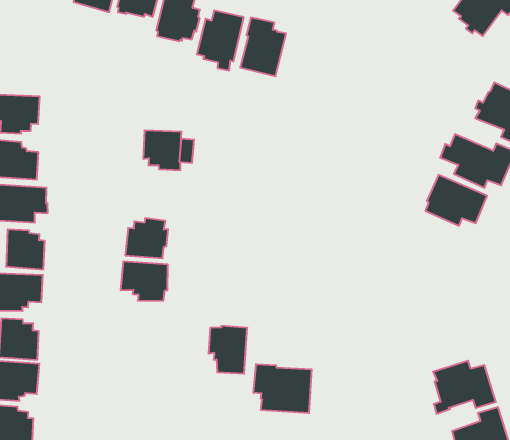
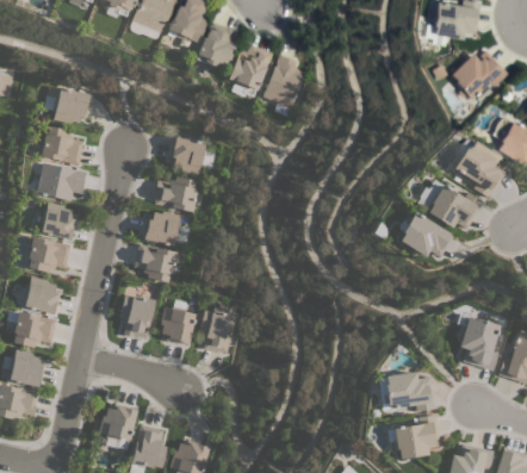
building: none -> [154,175,197,212]
building: none -> [160,299,196,344]
building: none -> [119,294,155,337]
building: [253,364,312,413] -> none

